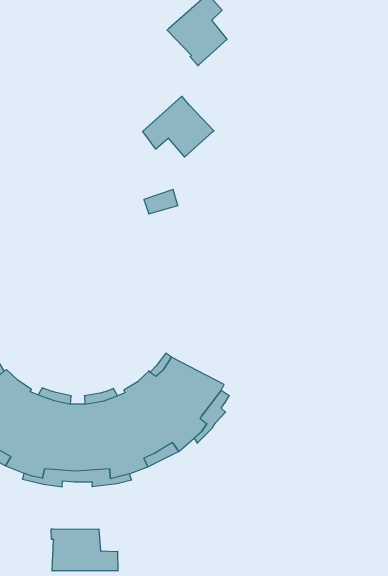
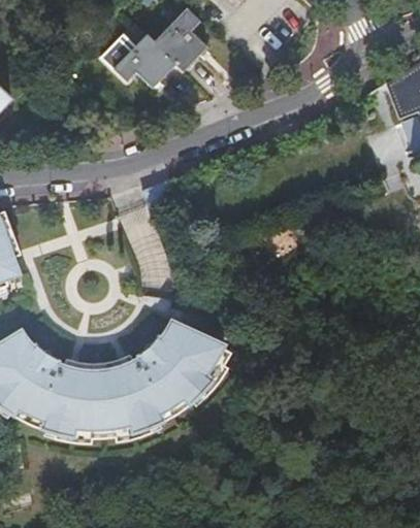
building: [143,96,214,157] -> [114,33,175,86]
building: [51,529,118,571] -> none

